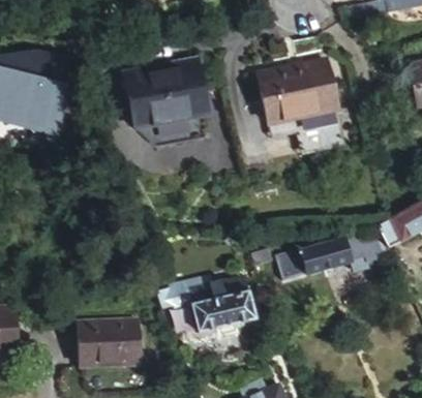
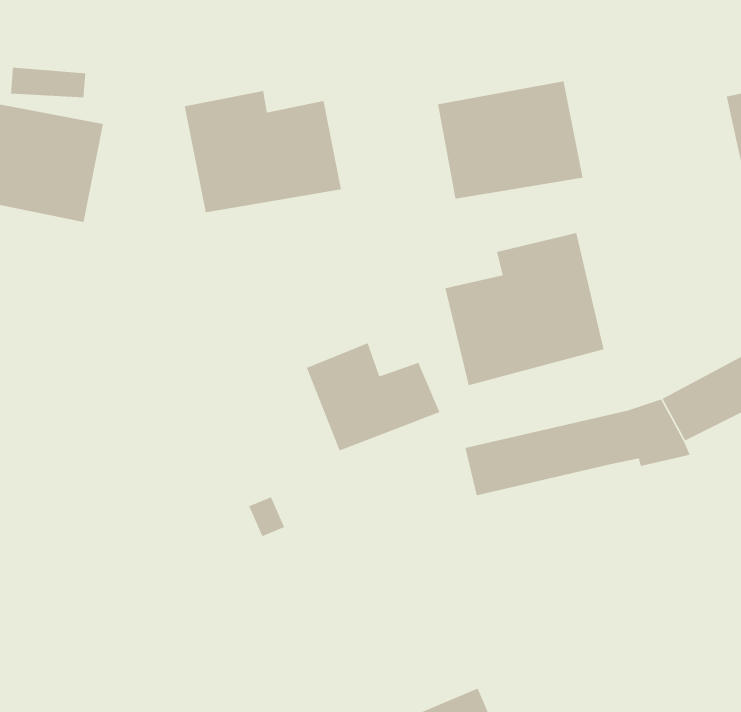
building: none -> [445,232,605,386]
building: [183,266,254,324] -> [306,342,440,452]
building: [73,315,138,362] -> none

